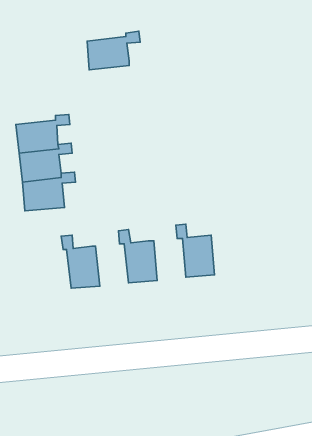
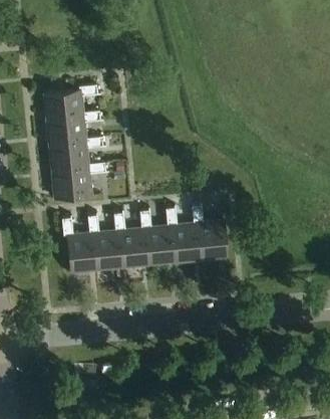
building: [87,31,140,70] -> [44,86,92,122]
building: none -> [166,215,201,263]
building: none -> [113,220,148,268]
building: none -> [62,225,96,273]

